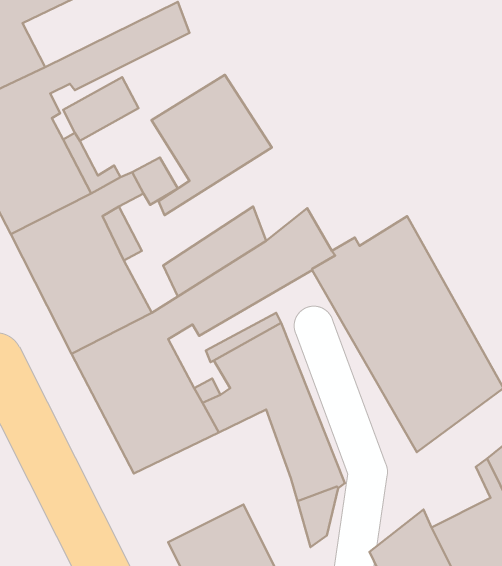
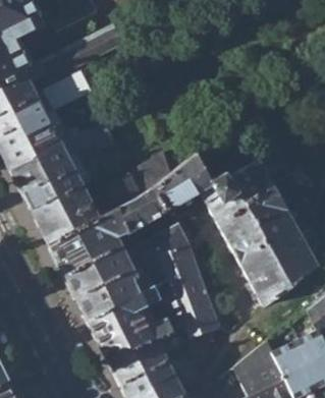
building: [152,75,272,215] -> none
building: none -> [87,279,184,361]

